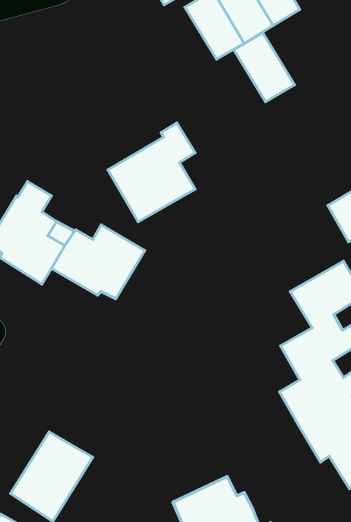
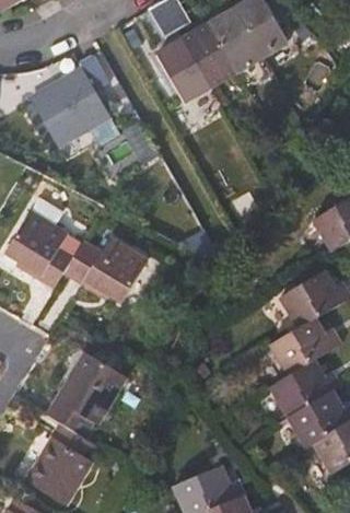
building: [234,33,294,102] -> [158,39,212,102]
building: [108,123,195,222] -> [31,56,109,145]
building: none -> [45,352,128,438]

